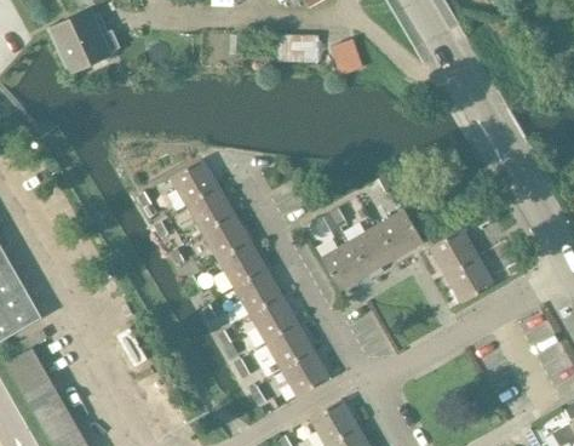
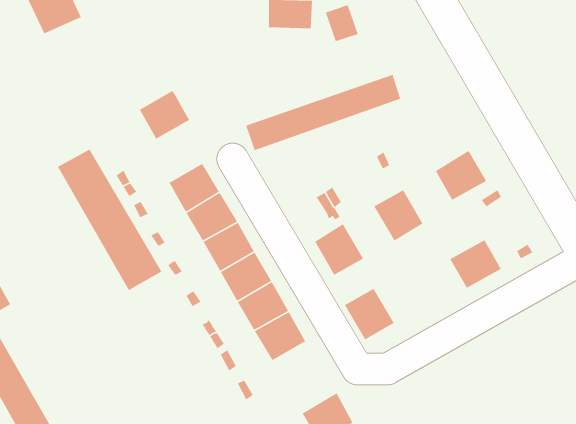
building: none -> [245,74,401,151]
building: [171,159,218,205] -> [139,90,190,140]
building: none -> [57,148,162,291]
building: [348,227,395,275] -> [344,288,395,340]
building: [430,228,478,275] -> [435,150,487,201]
building: [282,351,329,398] -> none

